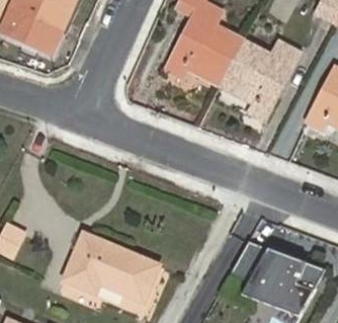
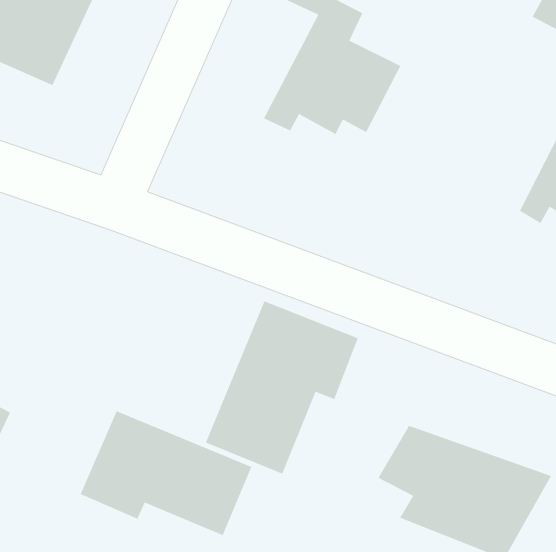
building: [224,41,298,119] -> none
building: none -> [205,301,359,474]

